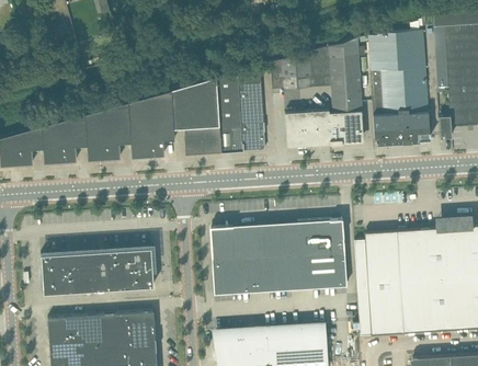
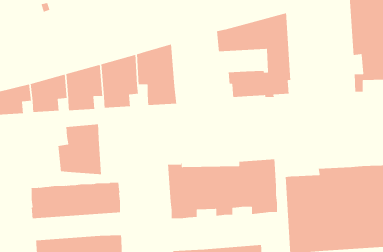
building: [369,30,431,142] -> none
building: [217,66,265,150] -> none
building: none -> [57,124,103,175]

